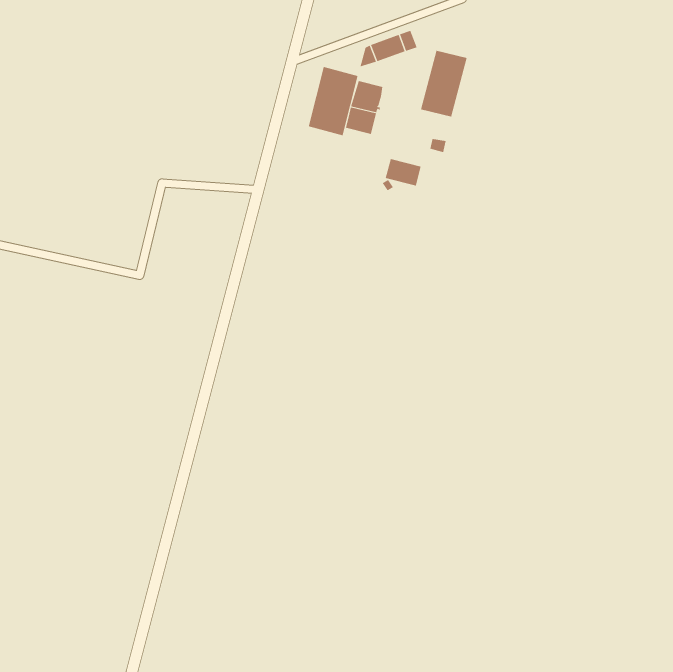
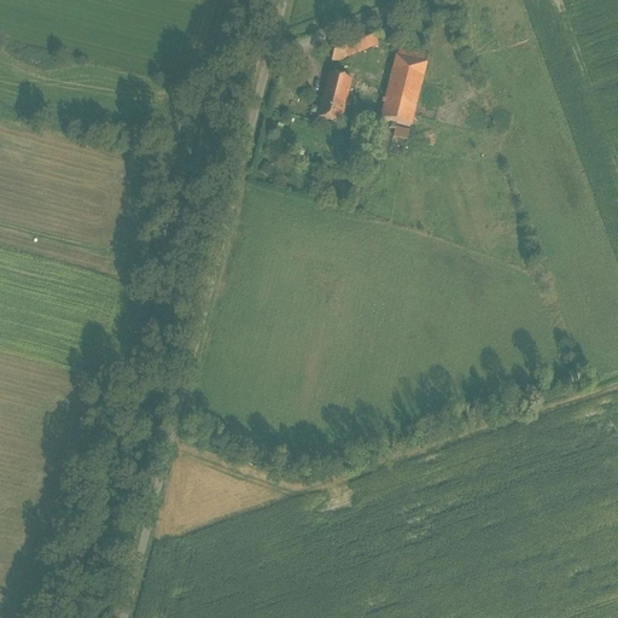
building: [308,66,358,136] -> none
building: [385,158,422,186] -> [380,100,414,126]

